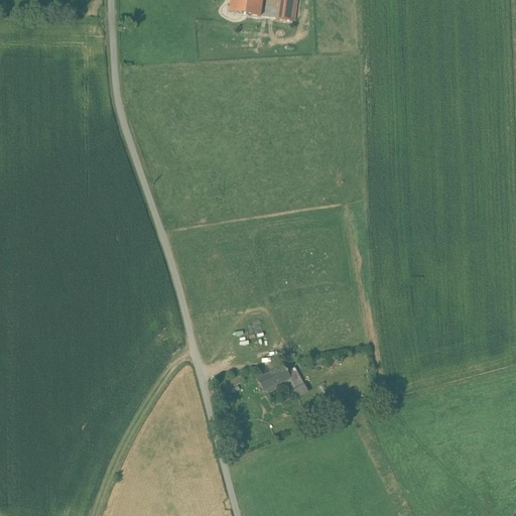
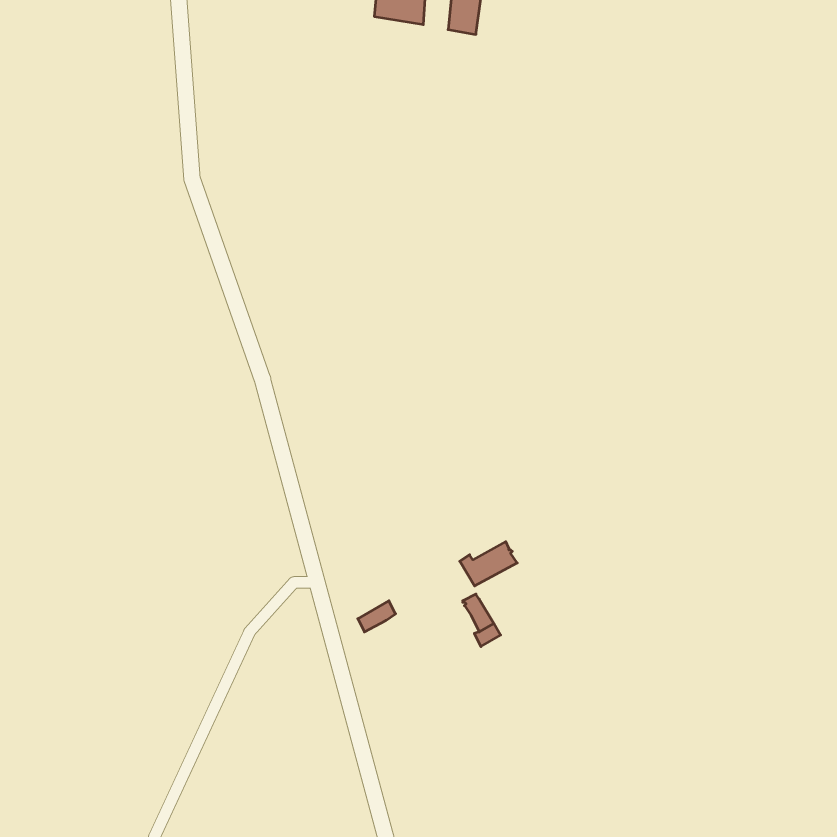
building: [254,365,289,392] -> [460,542,517,586]

